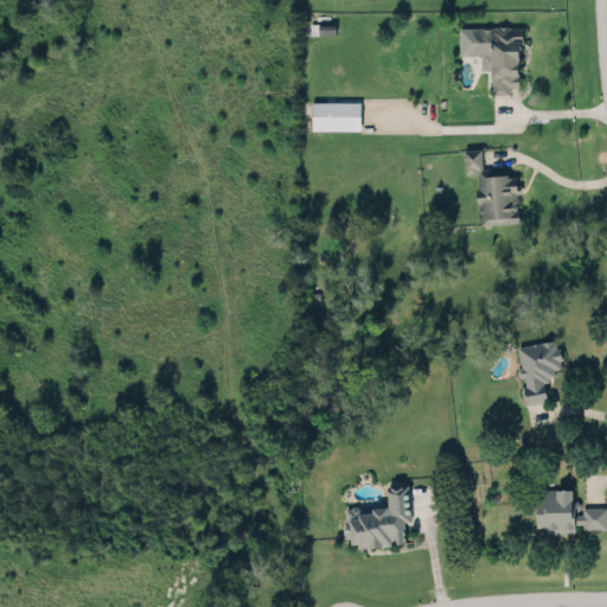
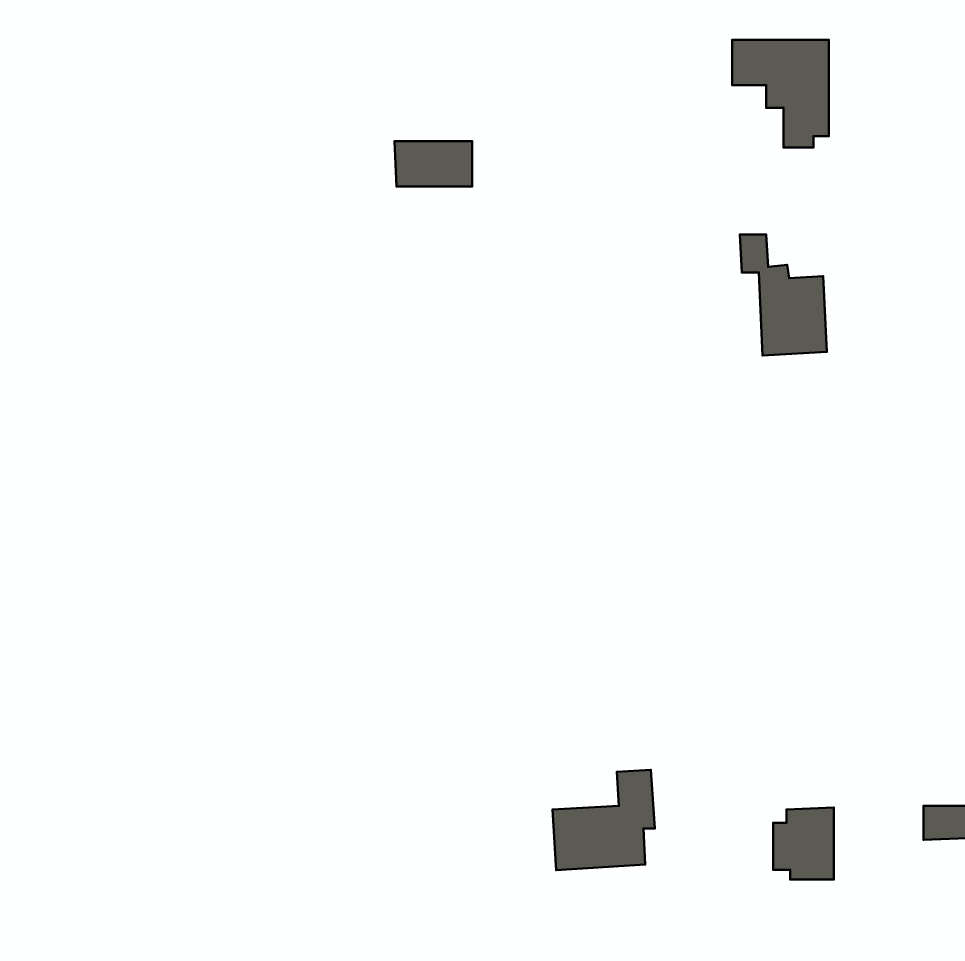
building: [312,103,360,132] -> [395,141,472,187]
building: [516,341,562,405] -> none
building: [536,490,574,535] -> [773,808,834,879]

